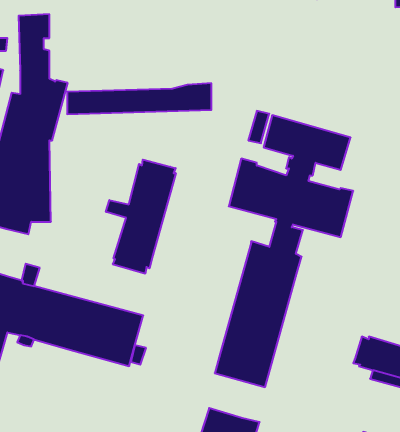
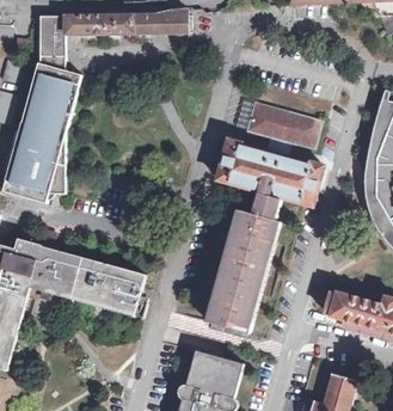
building: [67,83,211,114] -> [65,8,188,35]
building: [106,160,176,274] -> none

